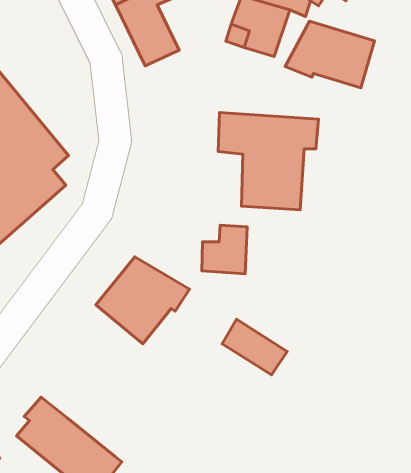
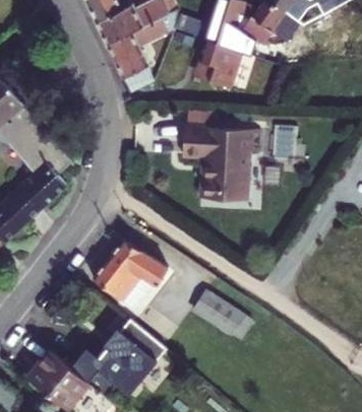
building: [285,21,374,88] -> none
building: [202,225,247,274] -> none
building: none -> [68,320,164,397]

